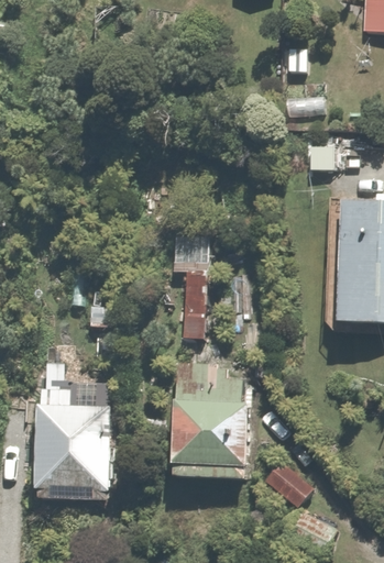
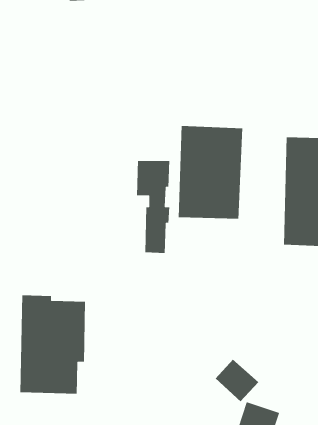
building: none -> [178,125,243,219]
building: [174,358,249,479] -> none

